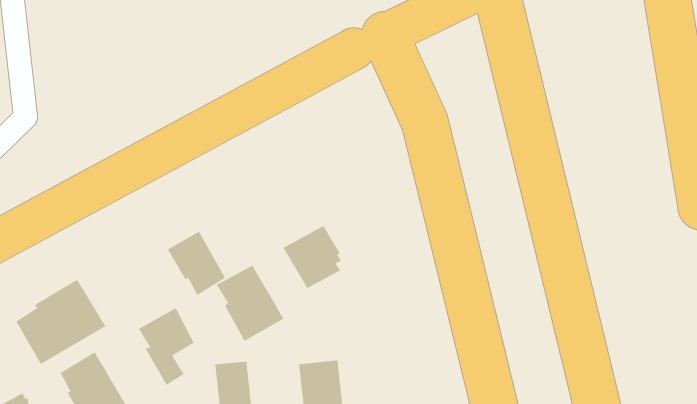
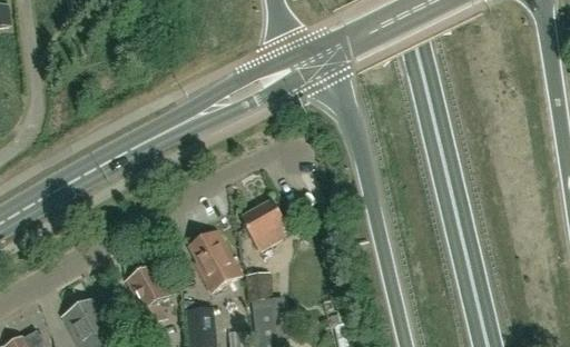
building: [167,231,226,296] -> none
building: [16,279,106,365] -> none
building: none -> [243,270,272,300]

